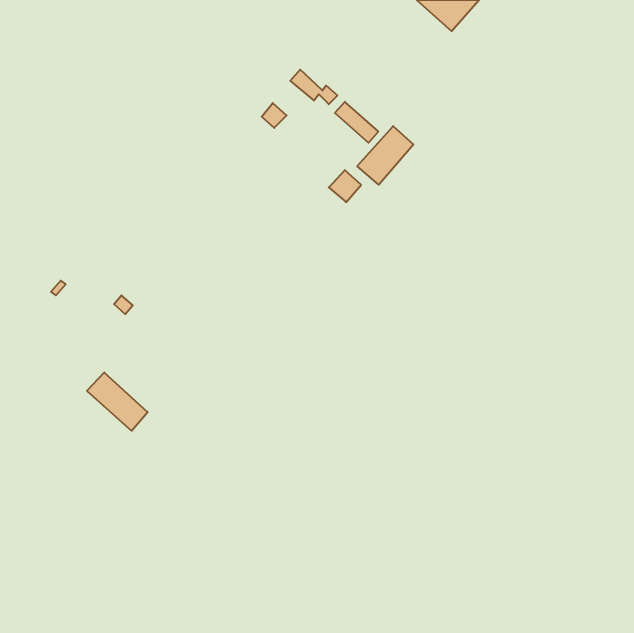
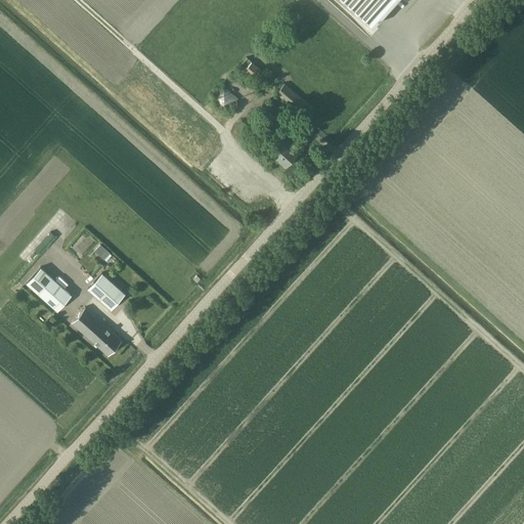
building: [357,126,413,185] -> none
building: none -> [27,267,71,311]
building: none -> [88,274,126,311]

